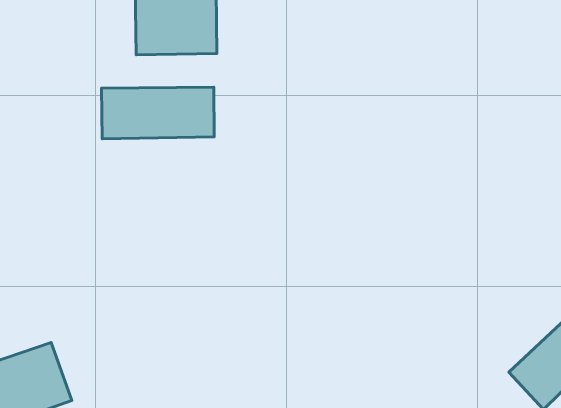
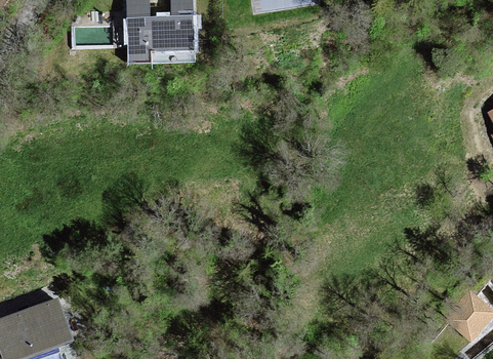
building: [101,87,214,139] -> none

